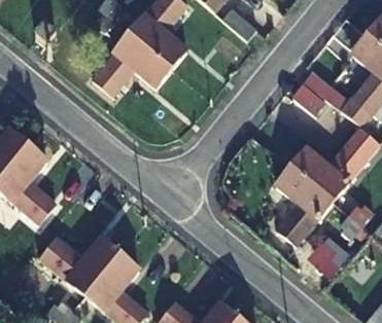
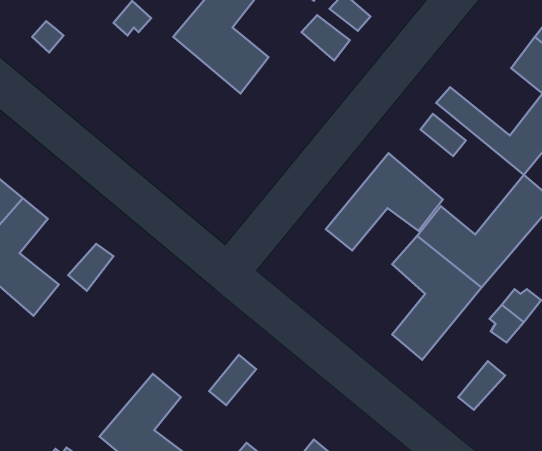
building: [94,35,173,96] -> none
building: none -> [326,153,443,250]
building: [35,240,115,297] -> none

